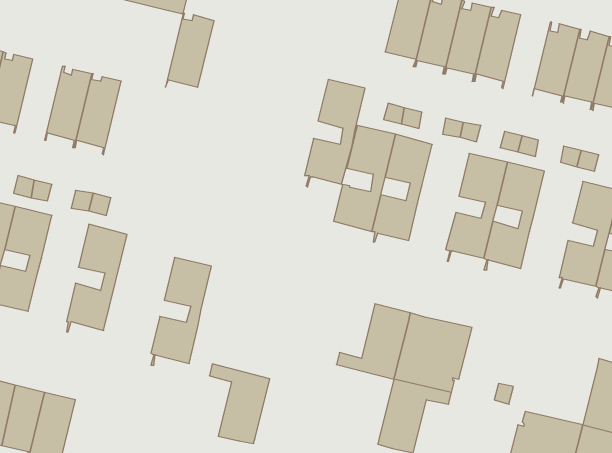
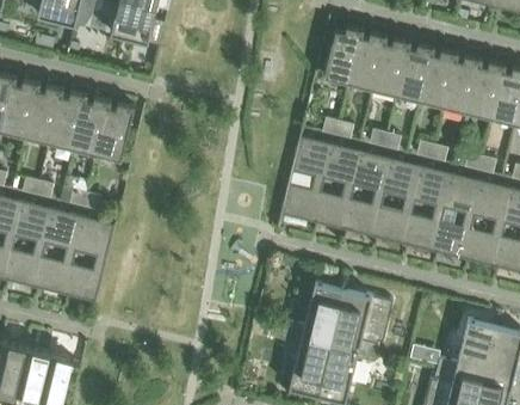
building: [165,13,214,87] -> [94,100,134,160]
building: none -> [417,47,456,112]
building: none -> [23,82,61,148]
building: [305,79,365,187] -> [341,152,390,239]
building: none -> [432,173,482,260]
building: [151,257,211,365] -> [33,209,82,296]
building: none -> [435,319,495,379]
building: [209,364,270,444] -> [280,330,329,394]

